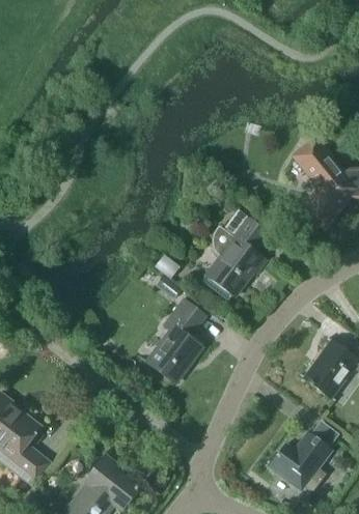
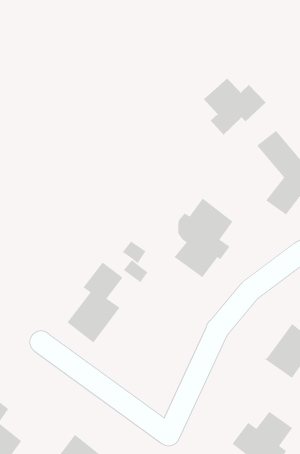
building: none -> [203,78,267,135]
building: [146,298,205,383] -> [67,262,123,343]

